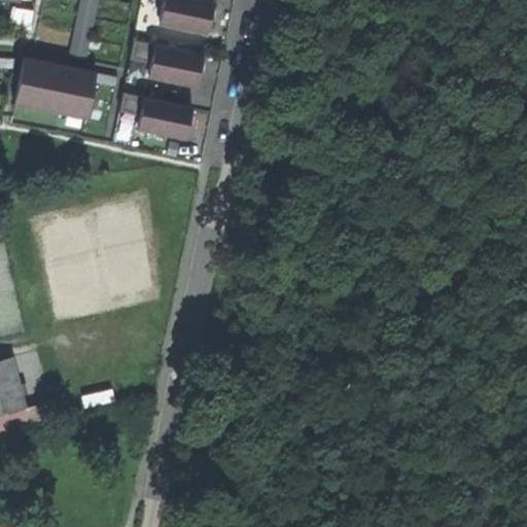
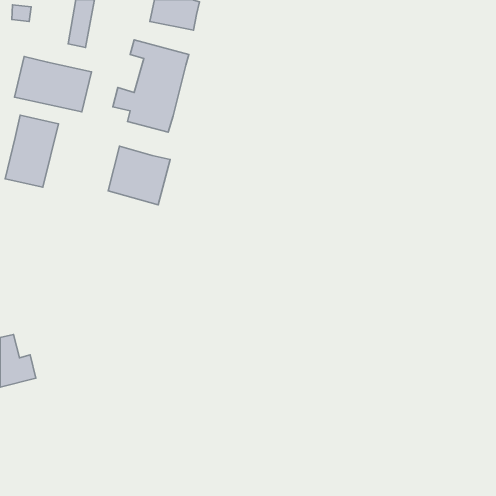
building: none -> [5,115,58,187]
building: none -> [108,146,170,205]

